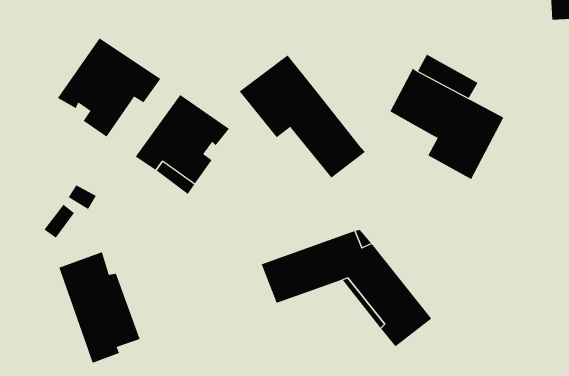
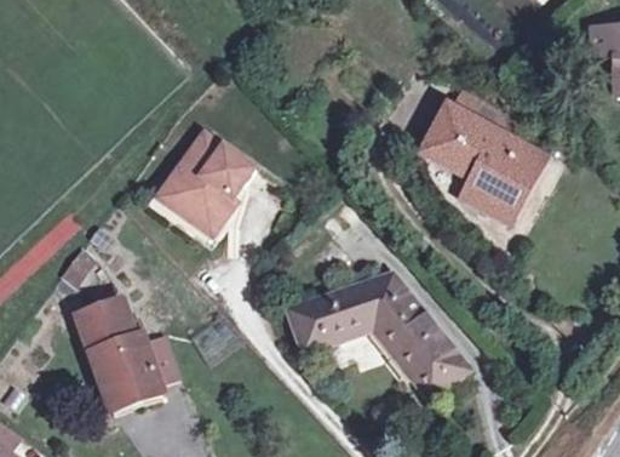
building: [57,37,161,137] -> none
building: [239,54,366,178] -> none

